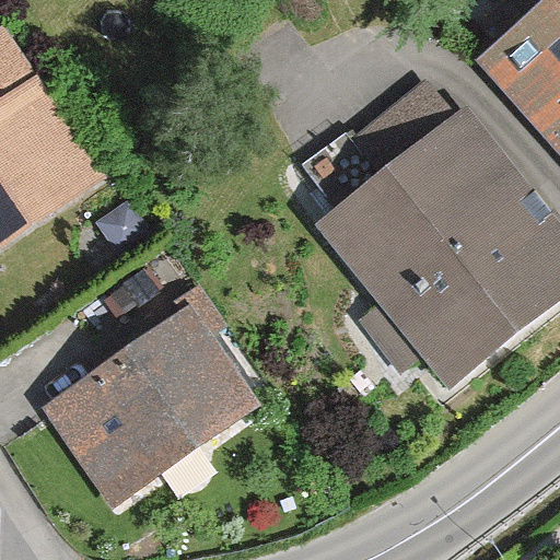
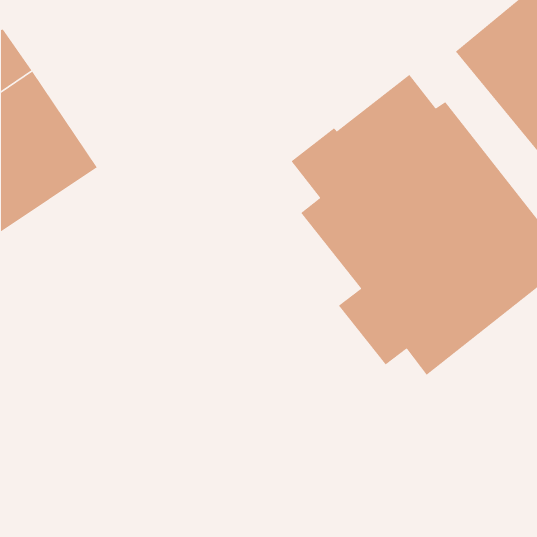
building: [42,284,256,508] -> none

